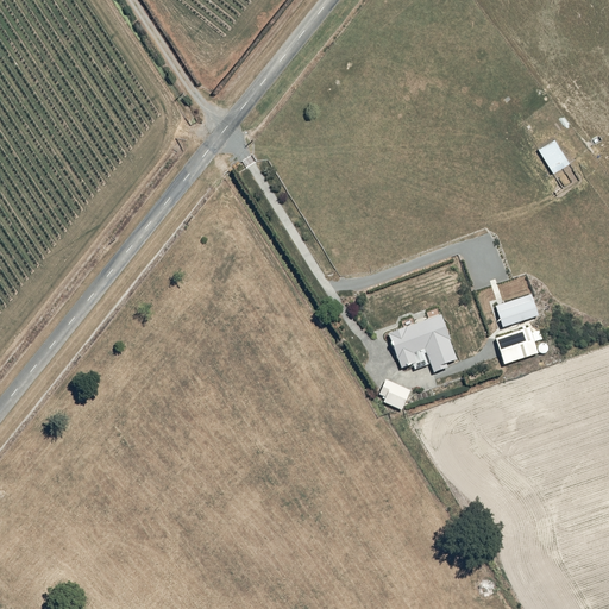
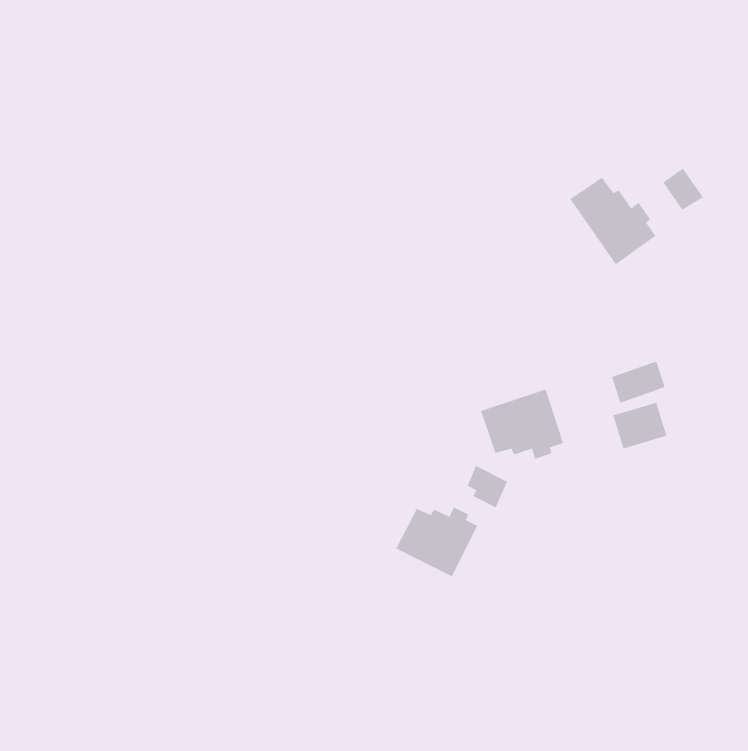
building: none -> [569,177,656,265]
building: none -> [396,506,478,577]

